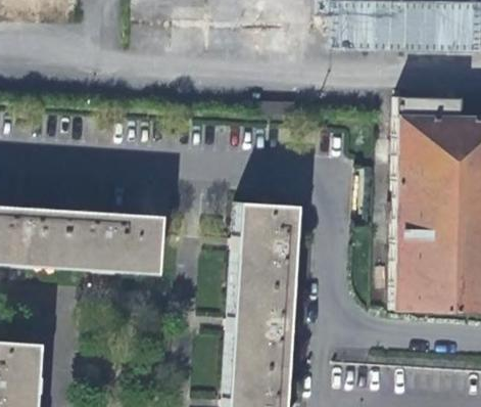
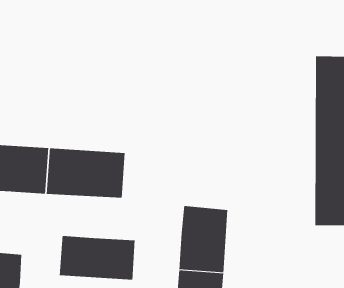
building: [237,201,299,287] -> none
building: none -> [59,235,135,281]

